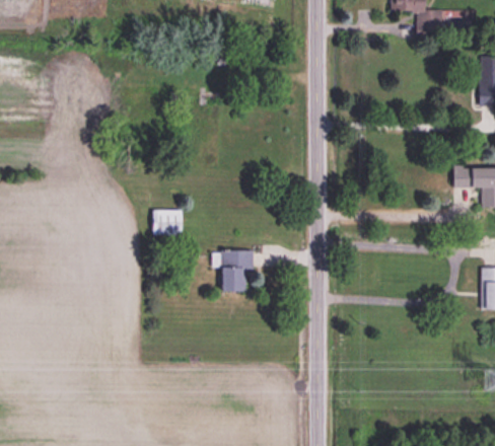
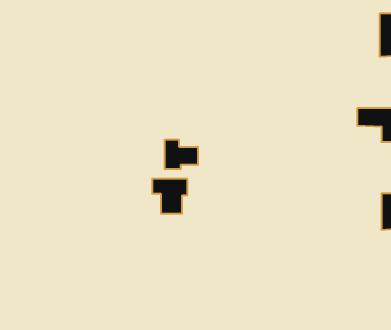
building: none -> [165,140,198,169]
building: [153,211,183,235] -> none

